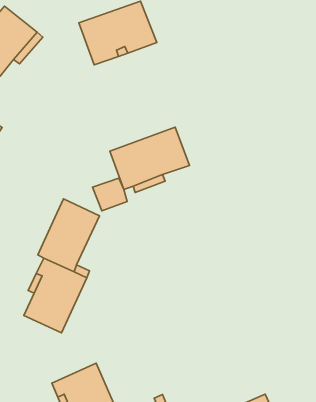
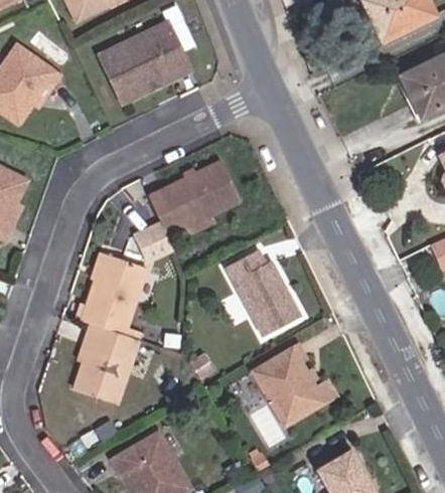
building: none -> [225,250,301,337]
building: none -> [251,344,338,426]

